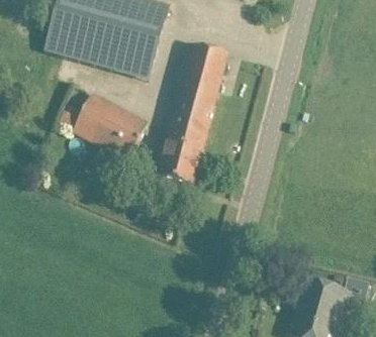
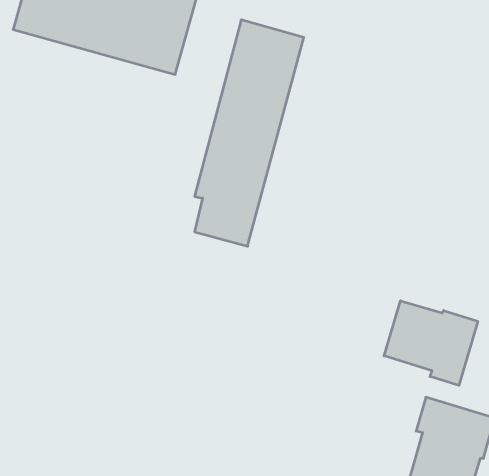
building: [72,96,147,160] -> none
building: none -> [384,301,478,385]

